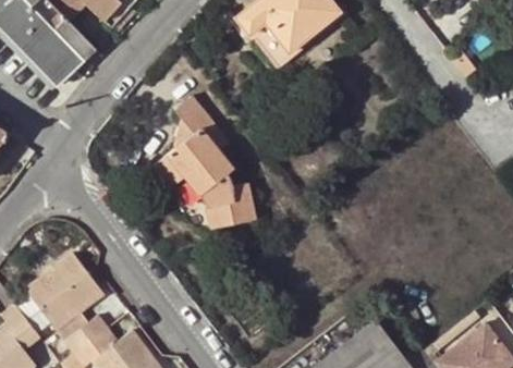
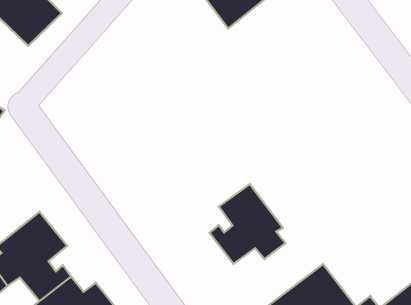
building: [158,98,259,229] -> none
building: none -> [210,184,285,264]

